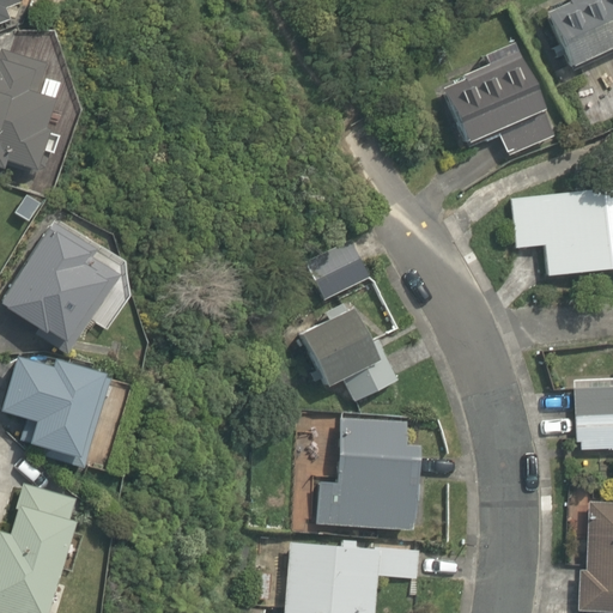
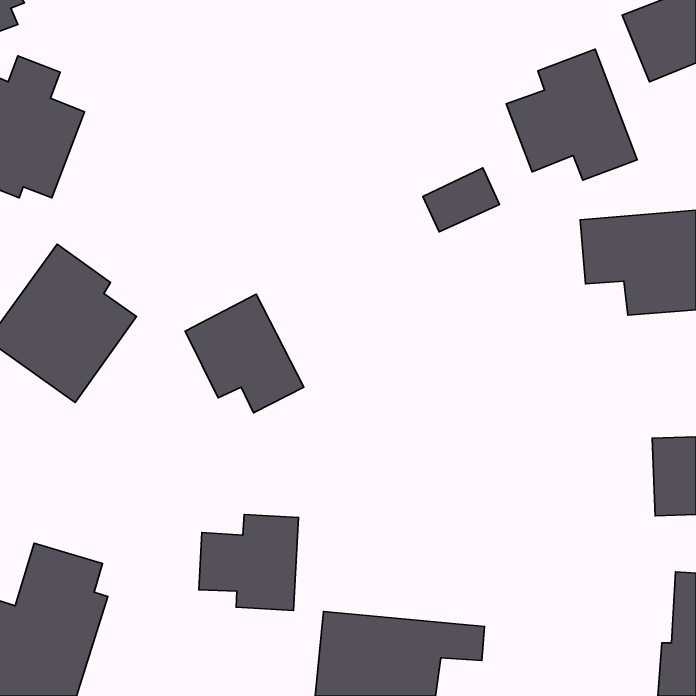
building: [303,241,370,297] -> [423,168,499,232]
building: [292,304,396,408] -> [185,294,304,413]
building: [7,351,121,459] -> none
building: [309,417,427,530] -> none
building: none -> [199,515,299,610]

